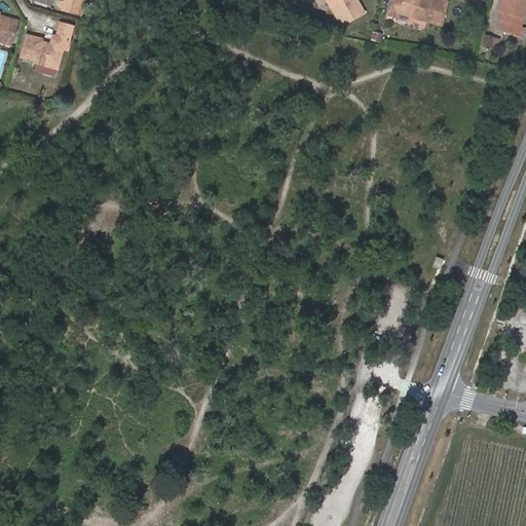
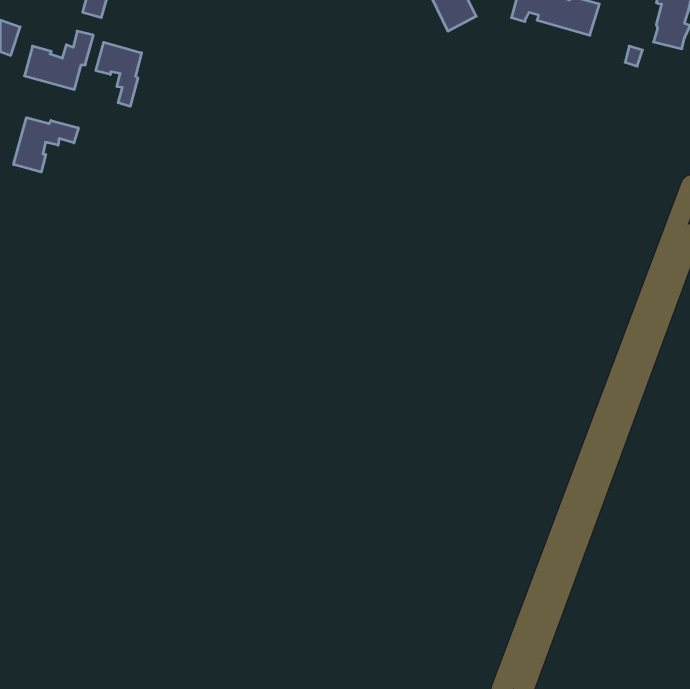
building: none -> [96,42,142,106]
building: none -> [14,118,78,172]

